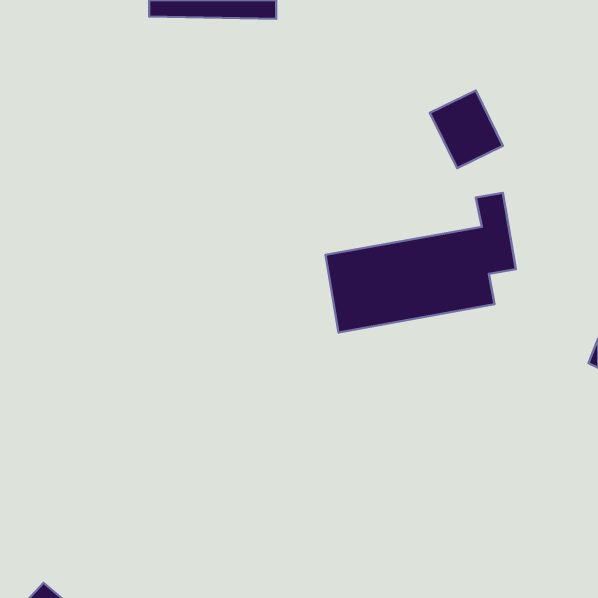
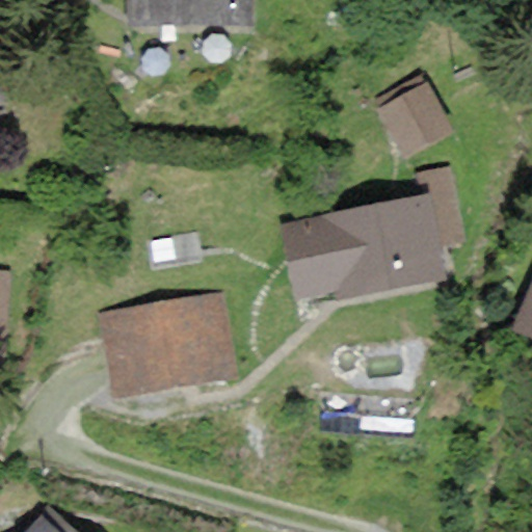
building: none -> [107,299,224,393]

